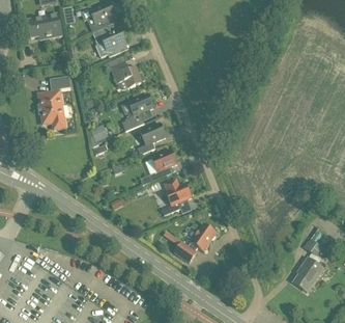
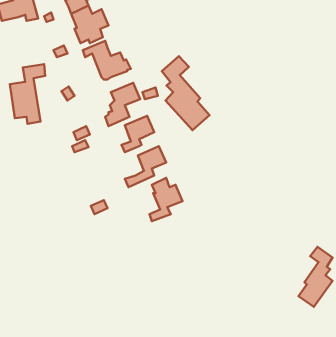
building: none -> [162,56,209,130]
building: [163,223,215,262] -> none

